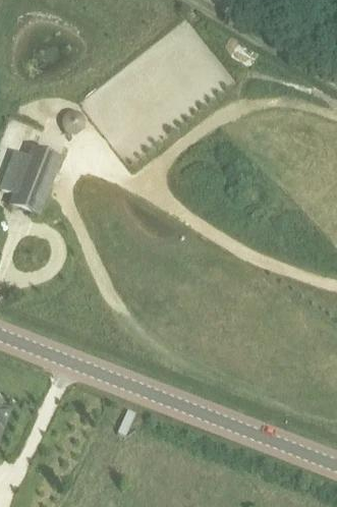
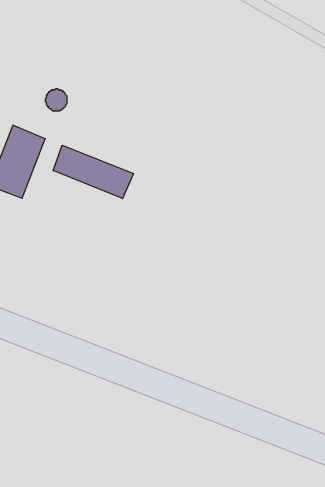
building: none -> [53,145,133,199]

